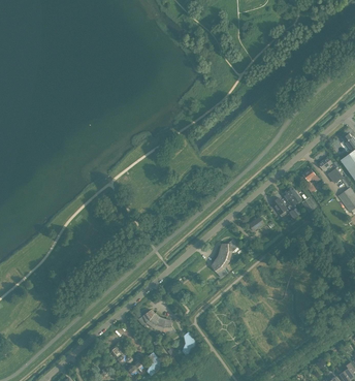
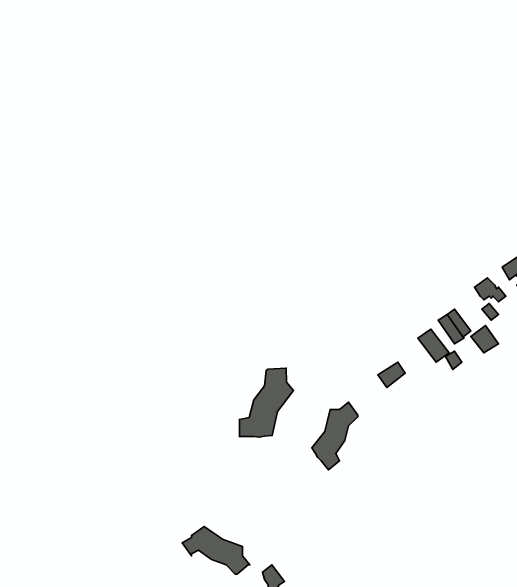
building: none -> [239,368,293,437]

